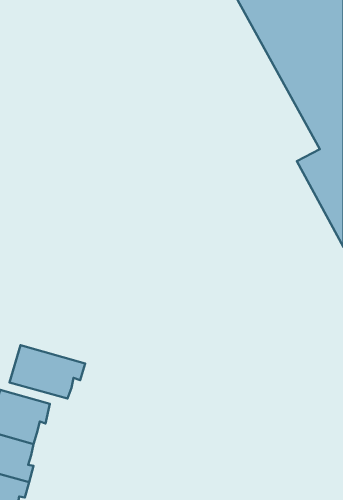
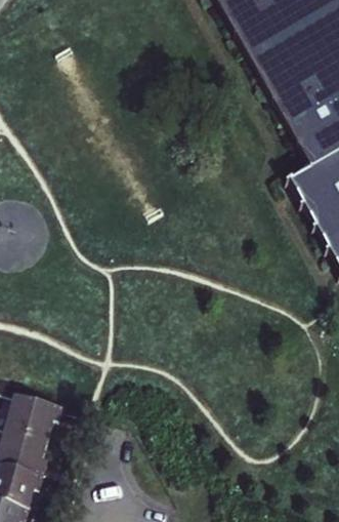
building: [9,345,85,399] -> none

